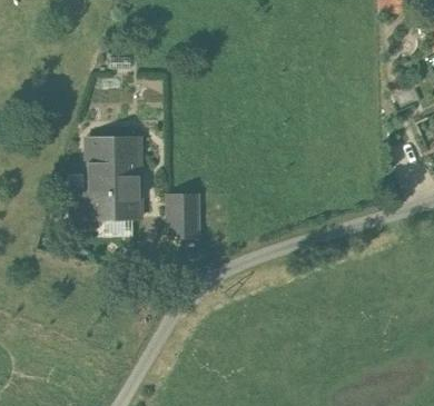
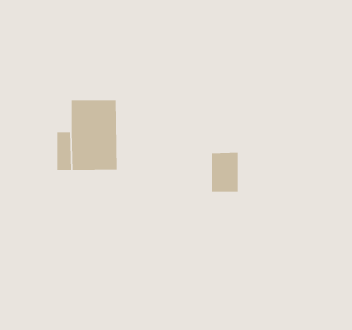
building: [168,192,199,238] -> [211,152,238,192]

